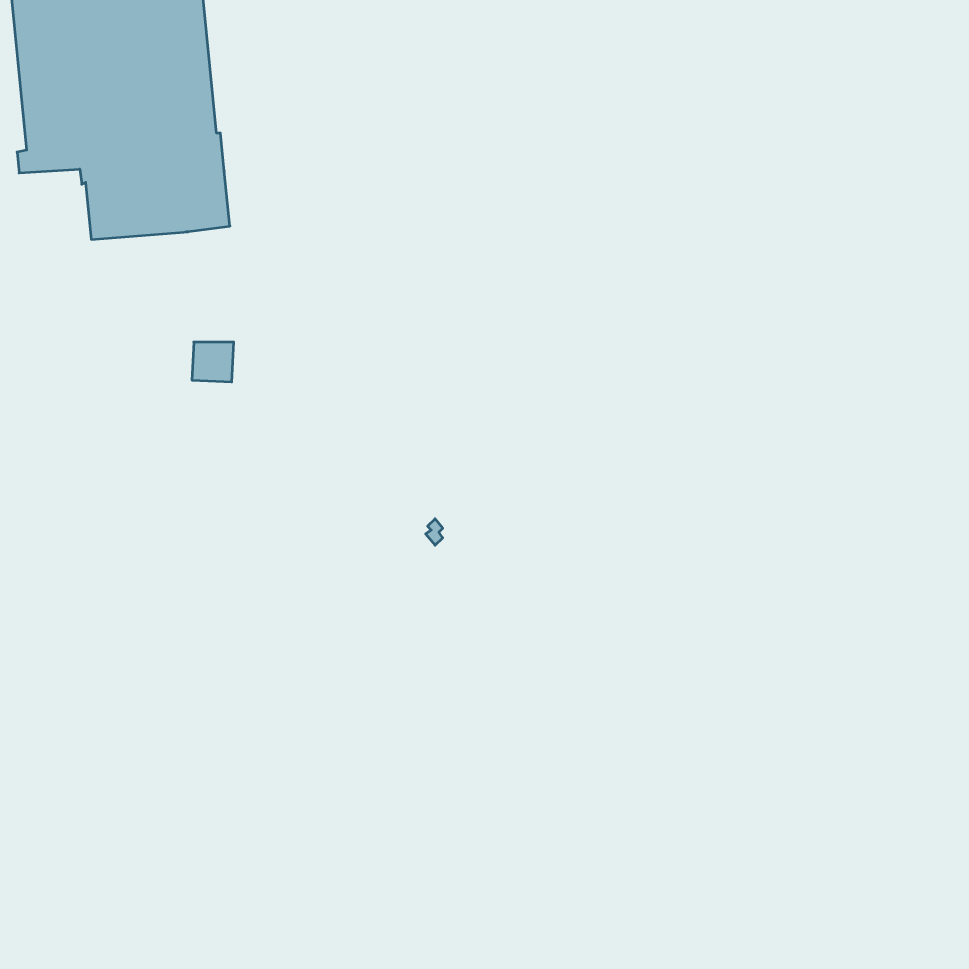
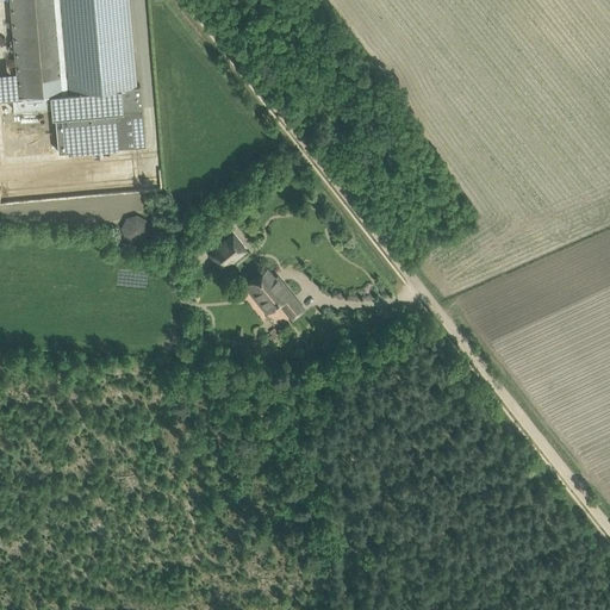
building: none -> [208,234,244,267]
building: none -> [244,267,303,317]

